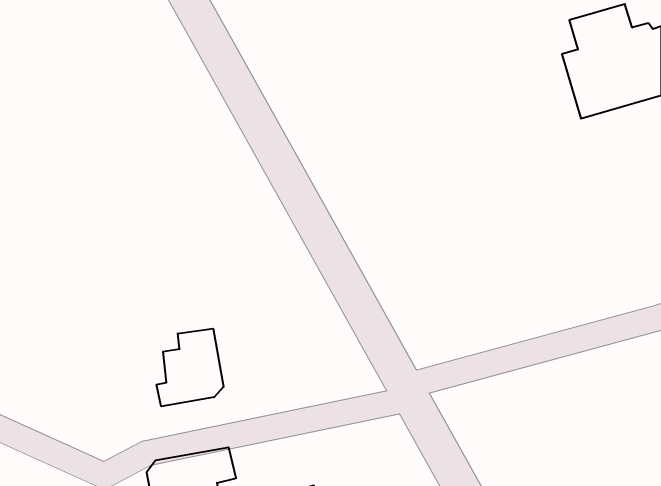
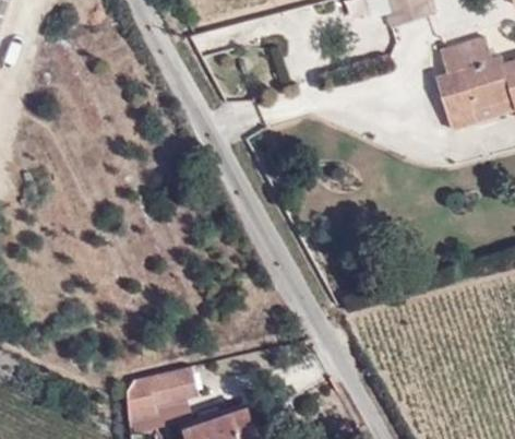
building: [157,329,224,406] -> none

